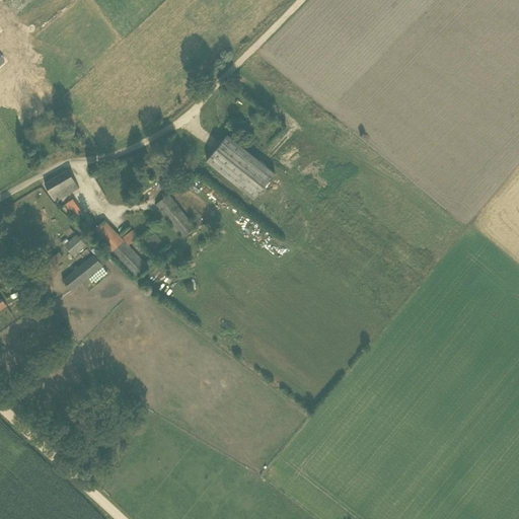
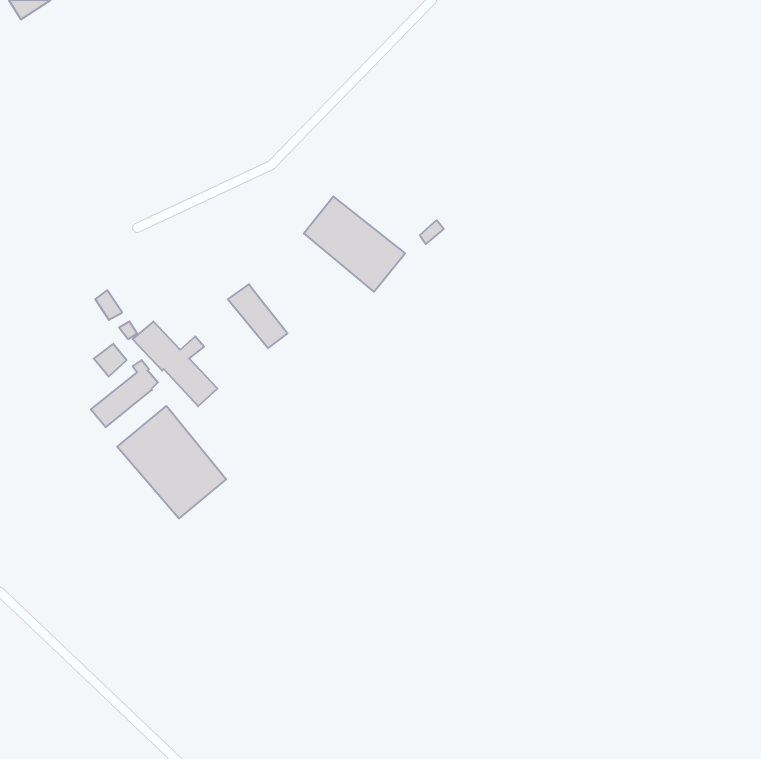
building: [45,170,78,203] -> none
building: none -> [117,406,226,518]

